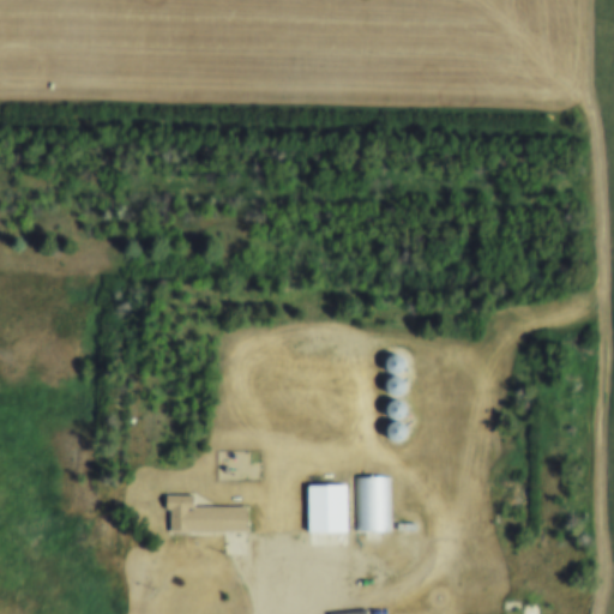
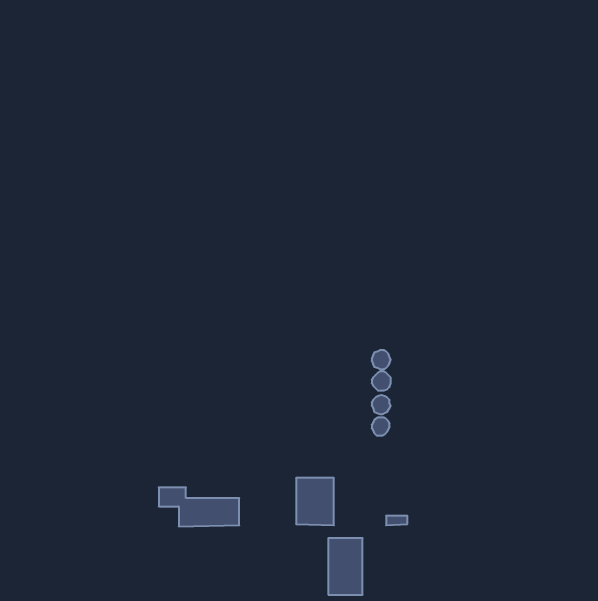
building: [360,475,395,532] -> [328,538,363,595]

